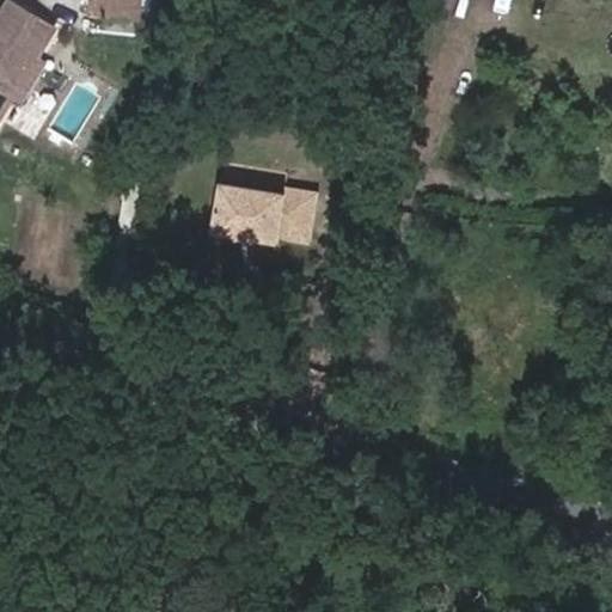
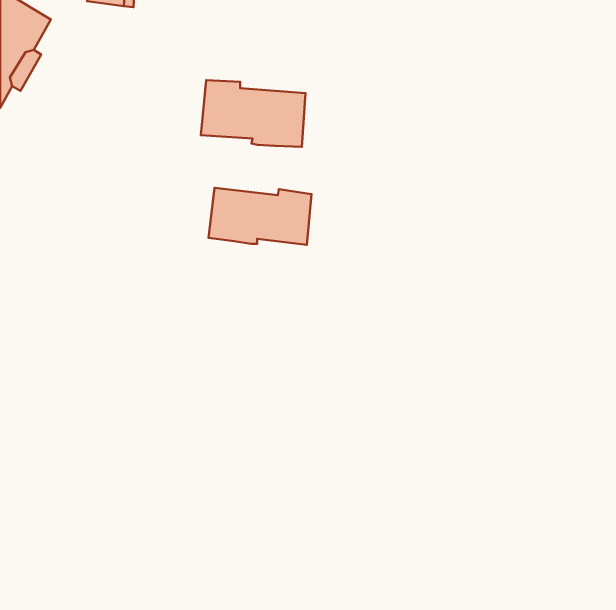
building: none -> [201,80,306,147]

